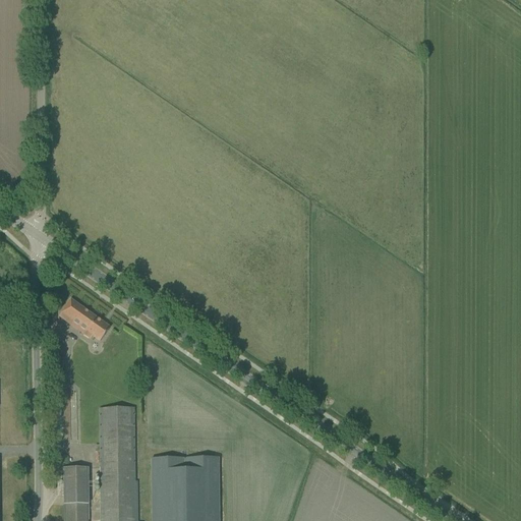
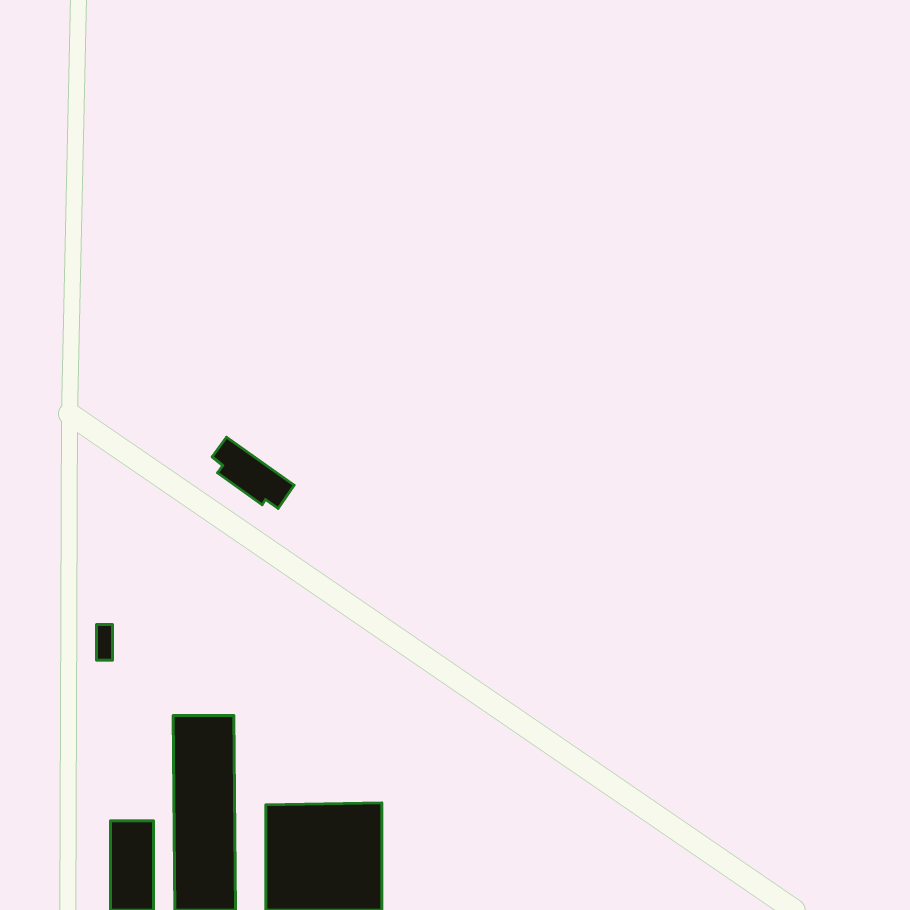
building: [63,300,110,341] -> [212,437,294,508]

